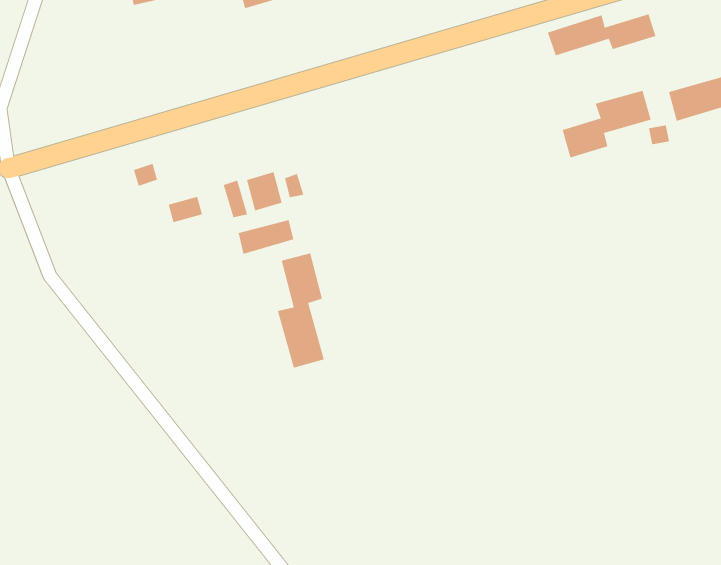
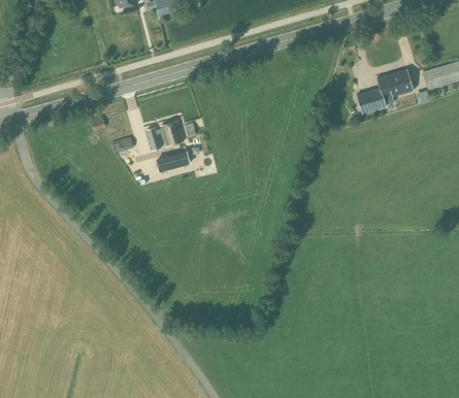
building: [547,14,656,56] -> none
building: [277,252,324,369] -> none

